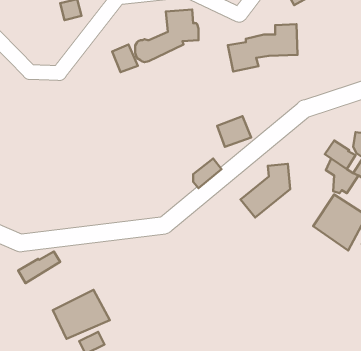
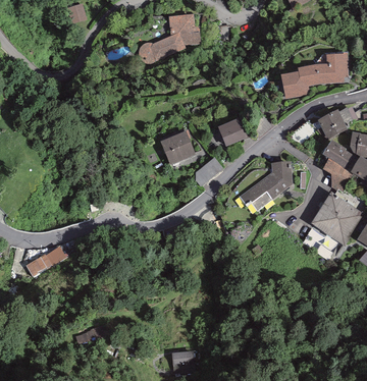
building: [228,24,297,72] -> [280,53,348,99]
building: [112,44,138,72] -> none
building: none -> [317,107,353,139]
building: none -> [160,130,195,164]
building: [53,290,110,339] -> none

